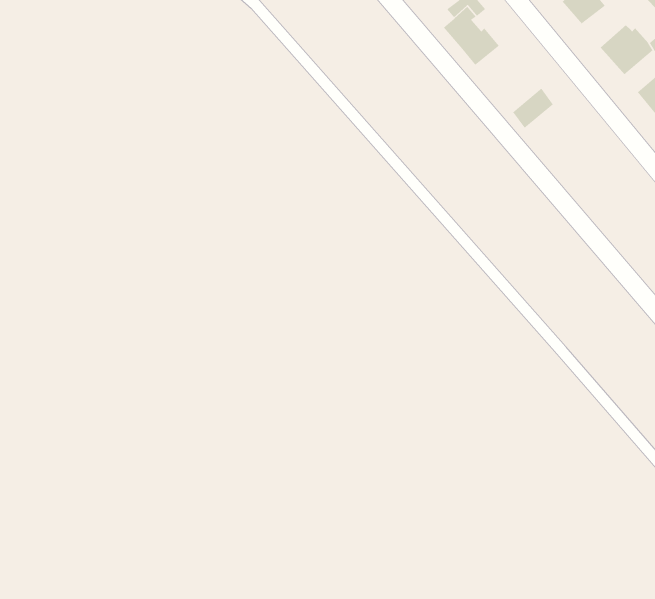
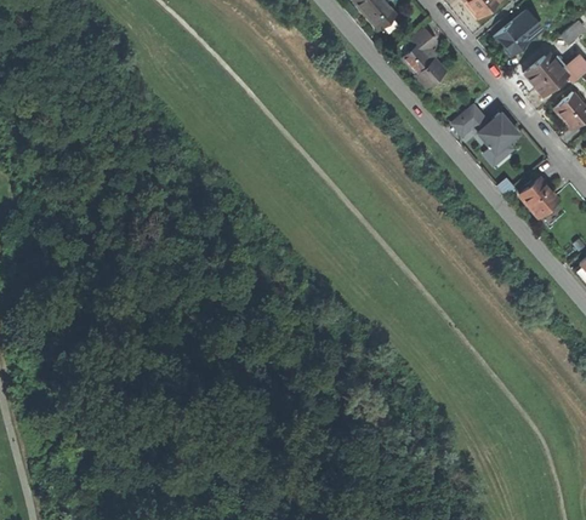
building: none -> [478,113,523,156]
building: none -> [520,179,559,221]

